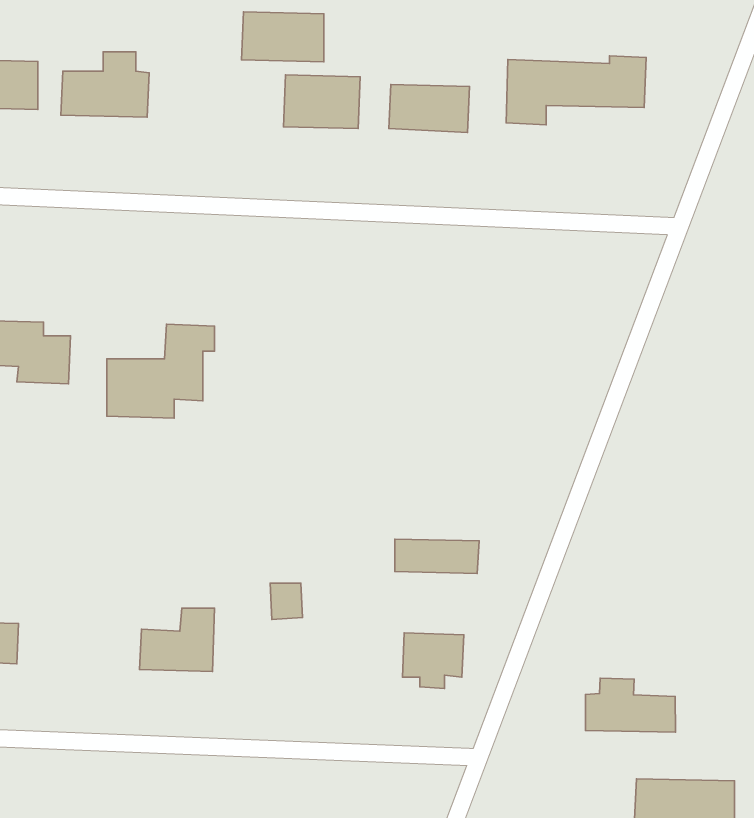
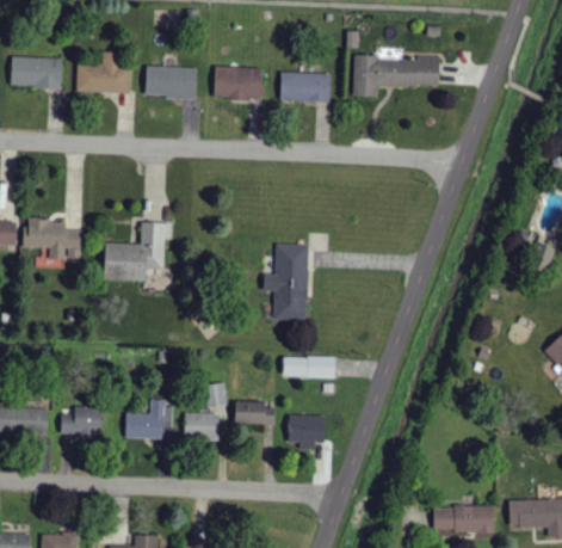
building: [241,12,324,62] -> [144,67,196,98]
building: none -> [264,245,308,320]
building: none -> [234,401,273,424]
building: none -> [60,406,101,435]
building: none -> [184,413,218,437]
building: [585,678,676,732] -> none

